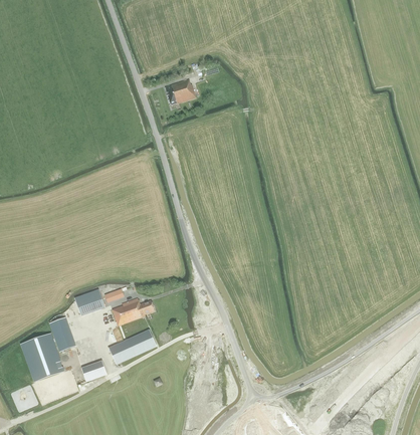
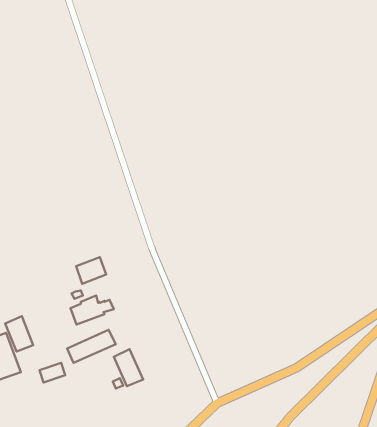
building: [164,78,195,103] -> none
building: [74,288,103,314] -> [76,257,106,284]
building: none -> [114,349,143,386]

